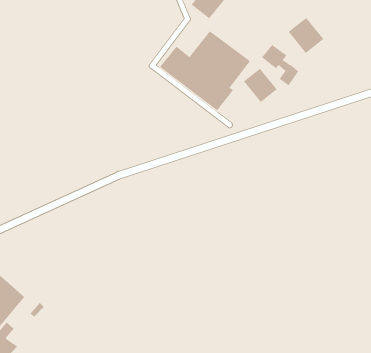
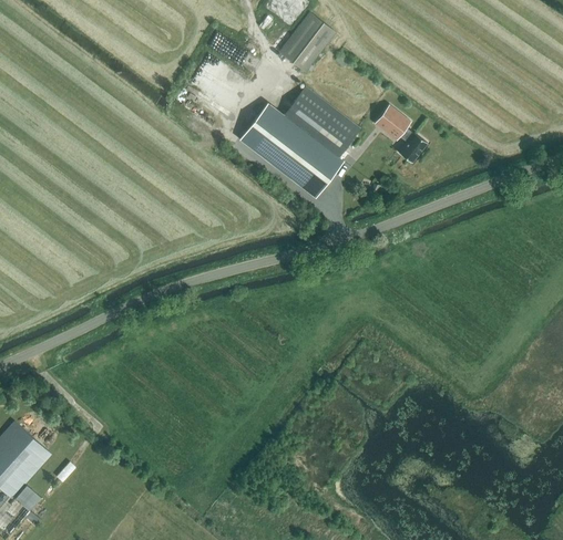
building: [288,17,324,54] -> none
building: [243,68,277,103] -> none

